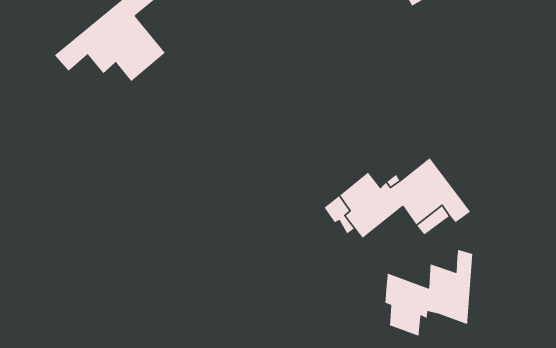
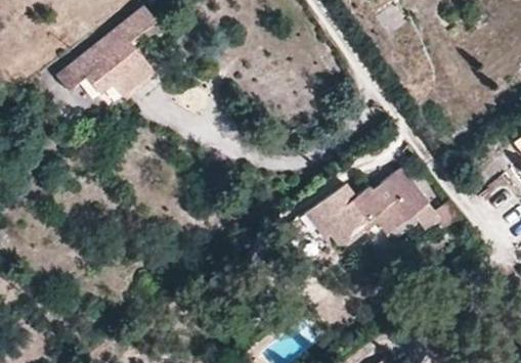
building: [385,249,473,337] -> none

